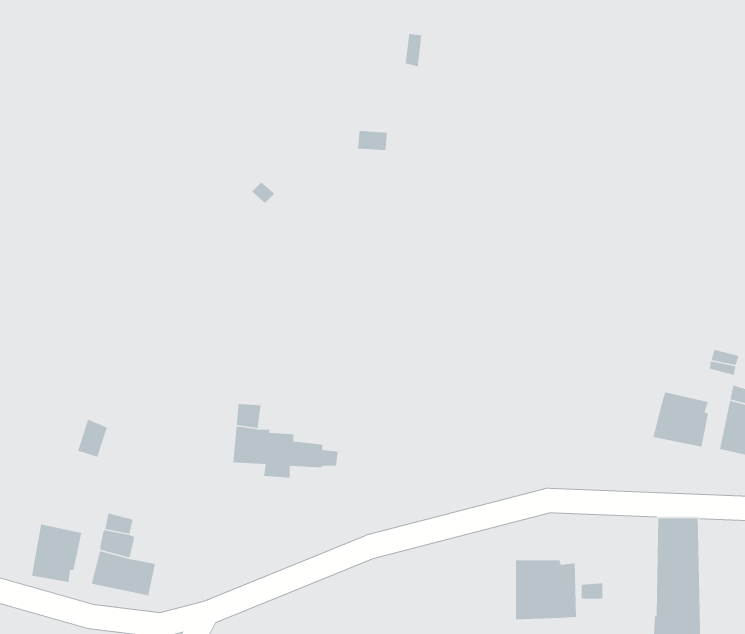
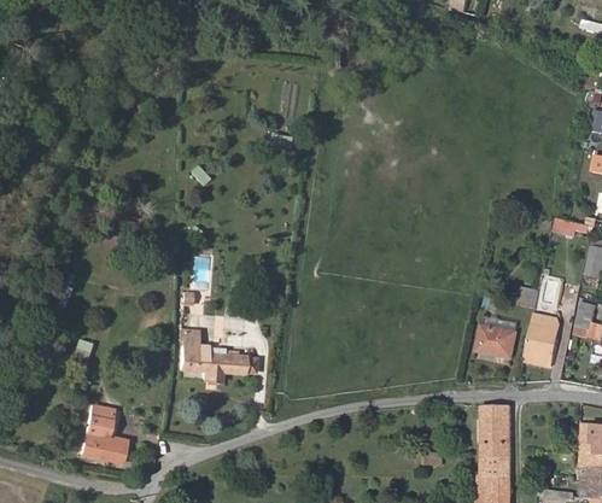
building: [31,524,82,583] -> none
building: [515,559,577,620] -> none

